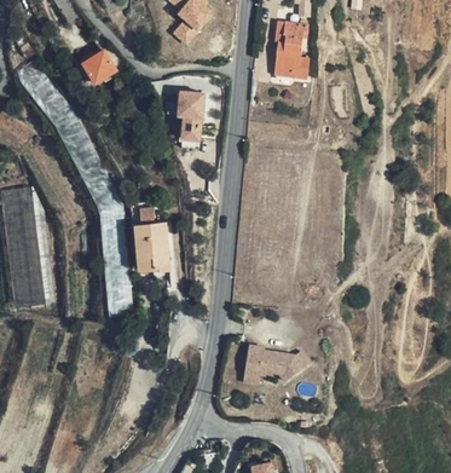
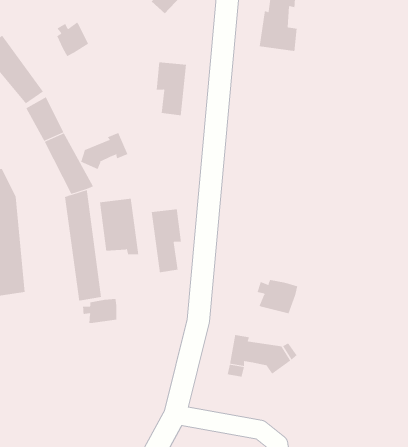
building: none -> [80,132,128,170]
building: none -> [151,209,181,273]
building: none -> [257,279,298,314]
building: none -> [82,298,117,324]

